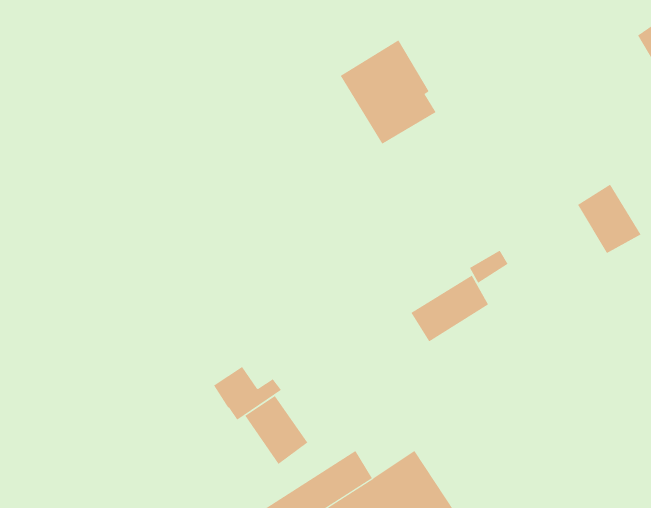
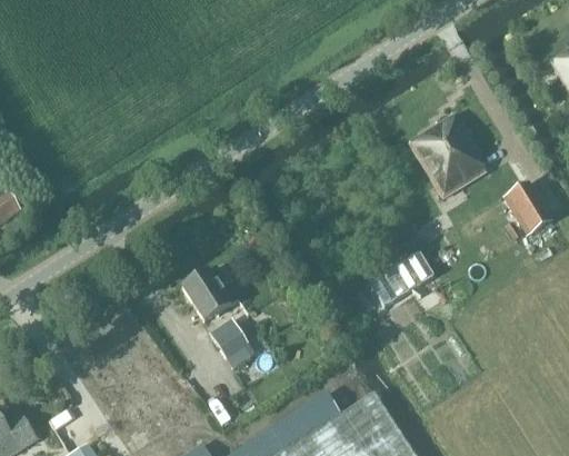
building: [340,39,437,145] -> [409,116,486,199]
building: none -> [182,268,231,323]
building: [245,395,308,465] -> none

